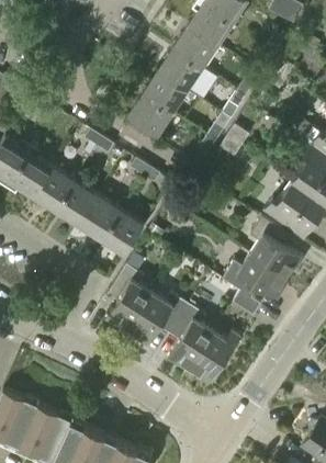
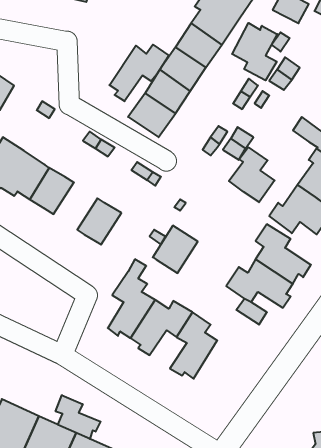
building: none -> [232,23,277,80]
building: none -> [109,45,169,101]
building: none -> [229,147,275,202]
building: [55,179,98,225] -> none
building: [101,208,145,255] -> [153,226,198,273]
building: [191,332,241,386] -> none
building: none -> [56,395,101,439]

